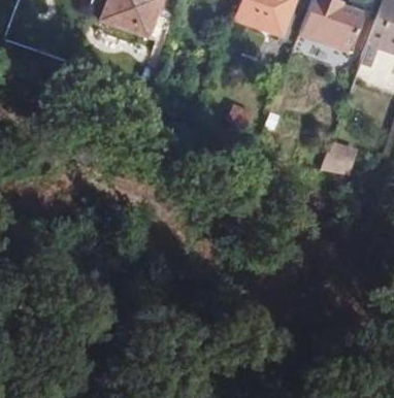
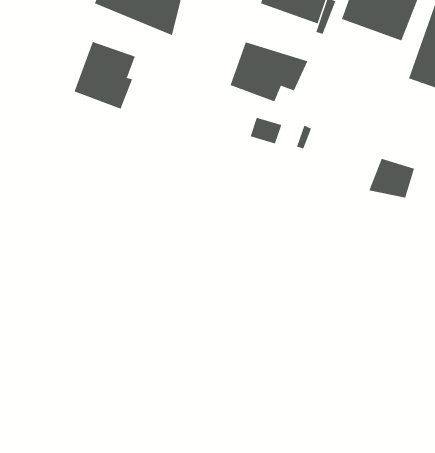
building: none -> [74,41,136,110]
building: none -> [230,41,308,102]

